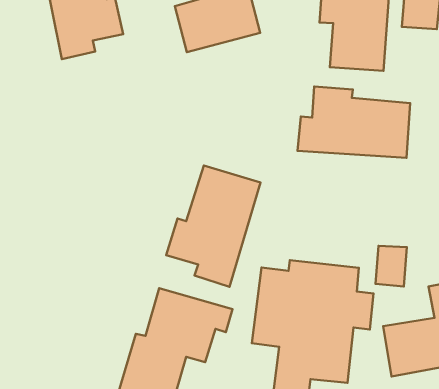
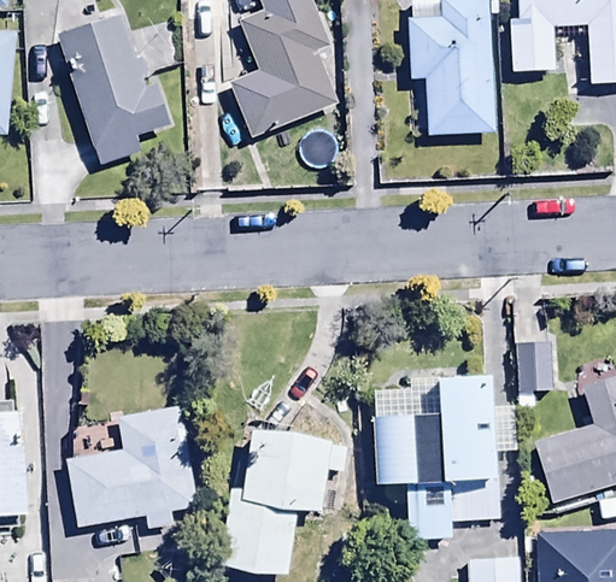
building: [298,87,410,158] -> none
building: [166,165,260,287] -> none
building: none -> [68,405,199,527]

